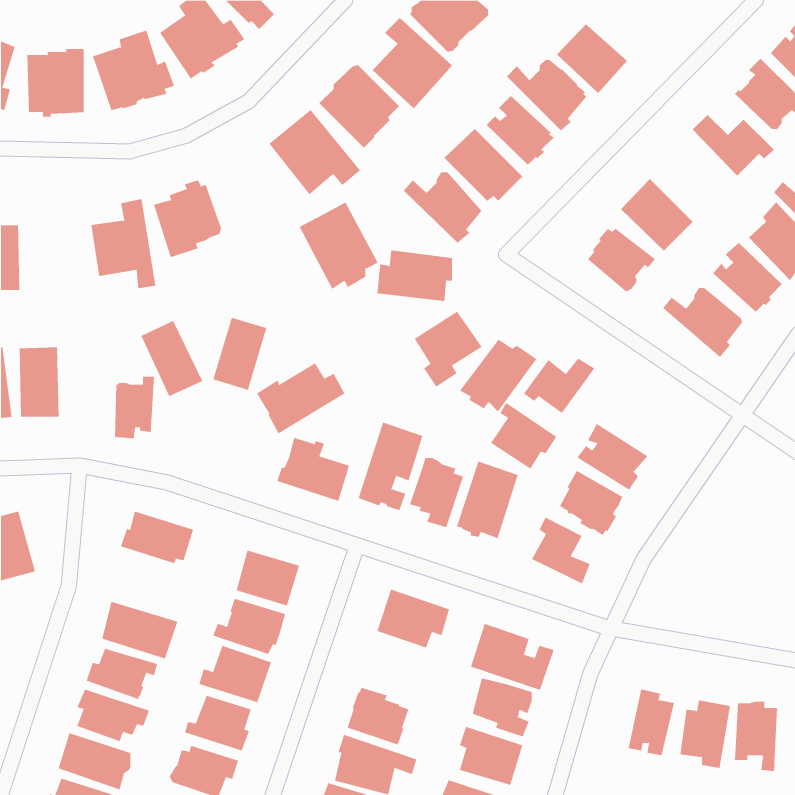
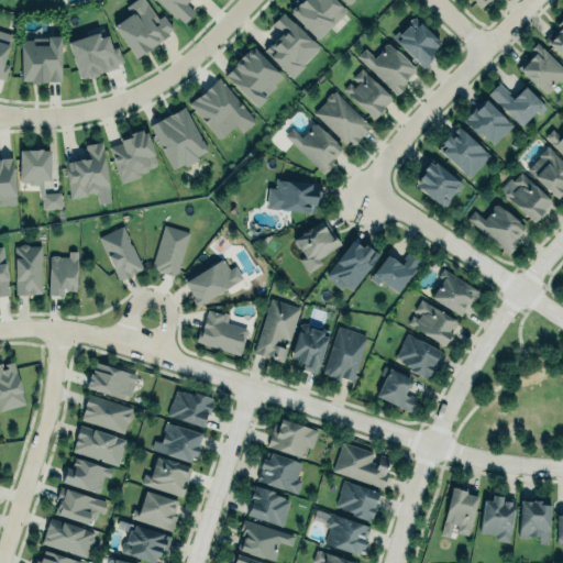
building: none -> [465,99,514,144]
building: [299,202,379,289] -> [153,108,209,169]
building: none -> [22,151,65,210]
building: [114,376,155,439] -> [49,252,78,296]
building: [490,402,557,469] -> [433,269,481,317]
building: none -> [81,397,133,434]
building: none -> [257,451,302,495]

